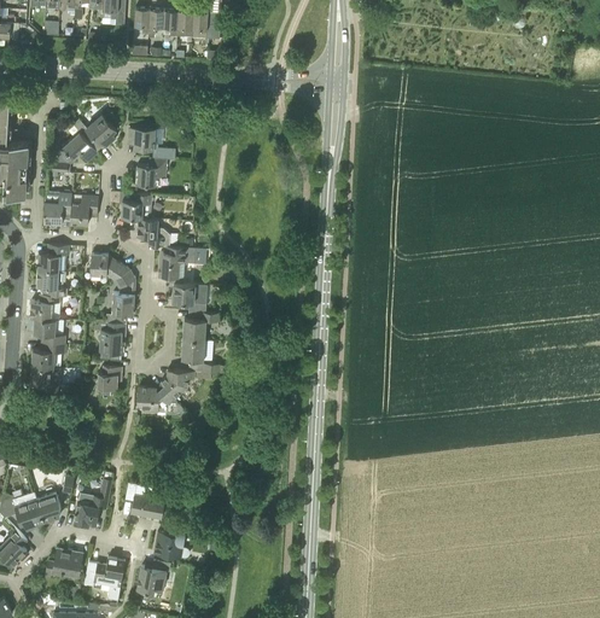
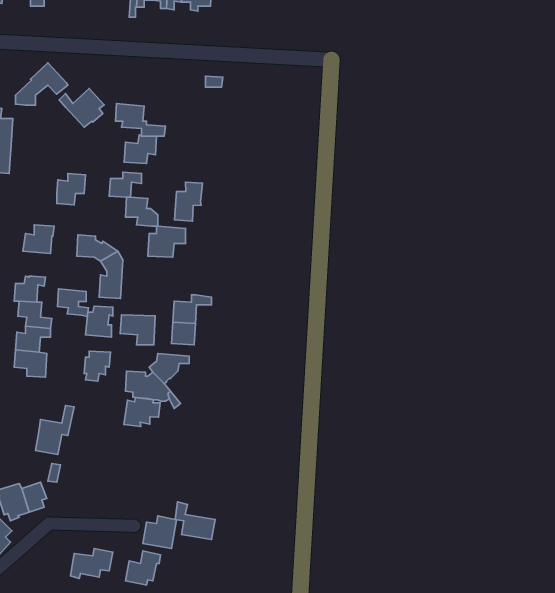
building: [47,132,98,173] -> [15,63,68,105]
building: [43,192,71,223] -> none
building: none -> [174,182,203,221]
building: [36,270,66,297] -> [57,289,89,316]
building: [171,284,205,313] -> [120,315,155,345]
building: none -> [124,397,160,427]
building: [74,479,111,526] -> [35,406,74,454]
building: [124,483,163,519] -> [175,502,215,539]
building: [45,549,81,578] -> none

